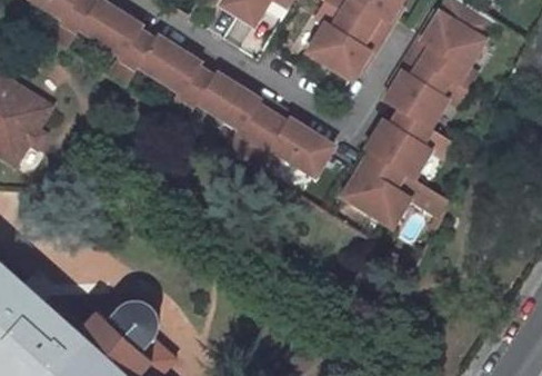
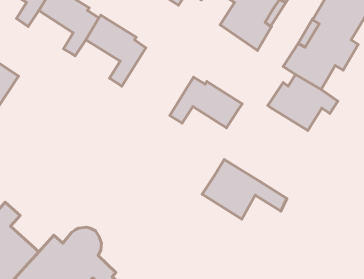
building: [197,72,273,161] -> none
building: [343,152,450,227] -> [202,160,287,219]

